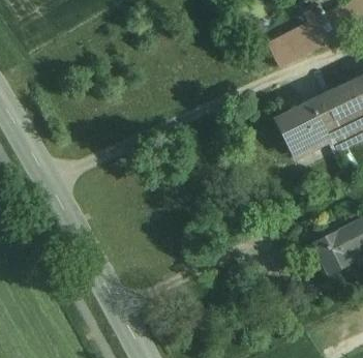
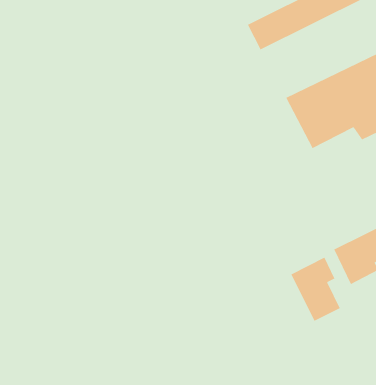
building: none -> [290,256,341,322]

